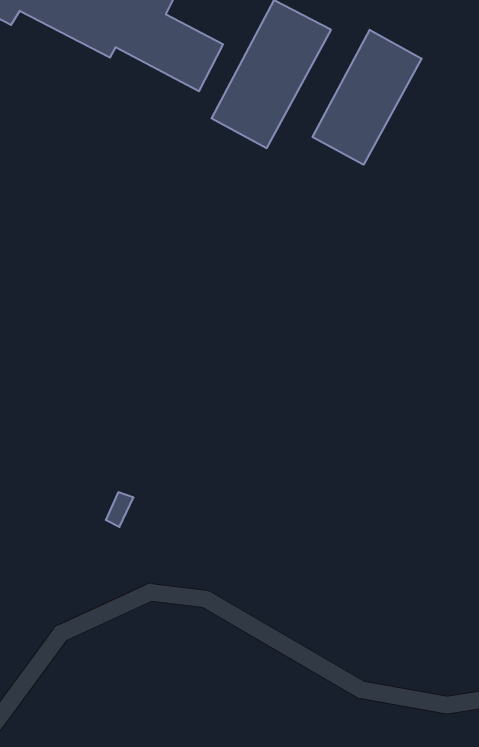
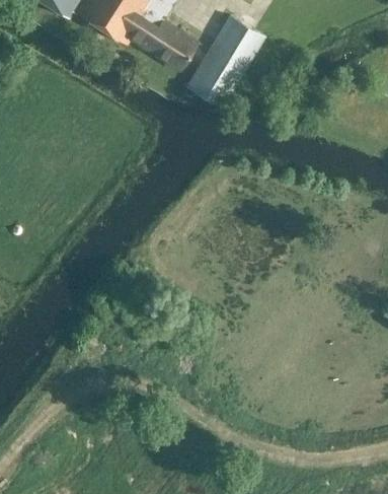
building: [313,30,422,165] -> none

